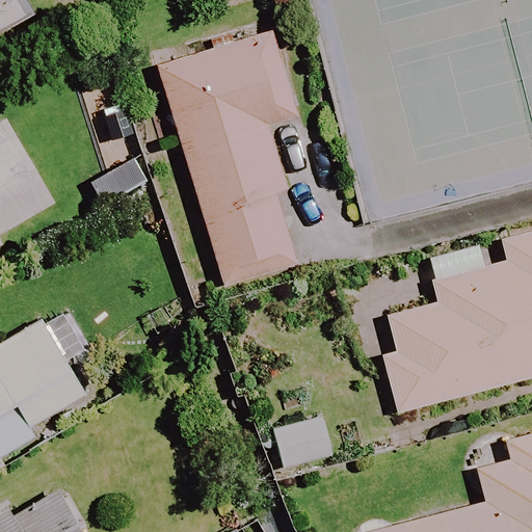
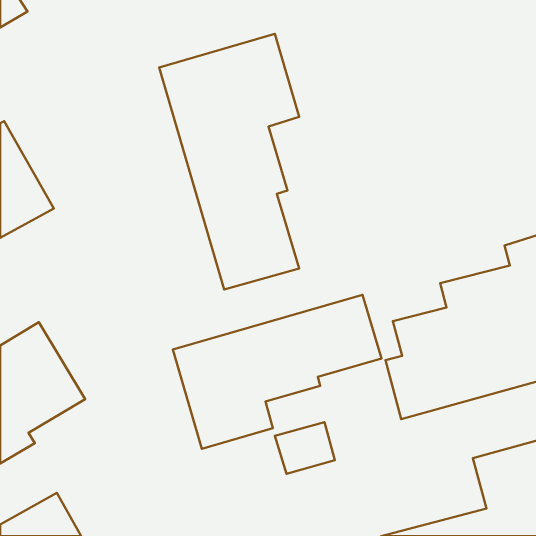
building: none -> [173,295,382,449]

